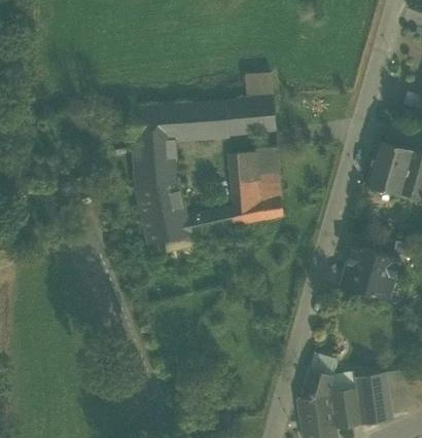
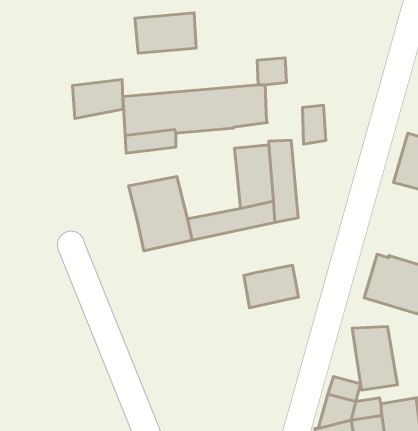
building: none -> [135,13,196,53]
building: [254,98,275,132] -> [302,105,326,144]
building: [133,154,177,188] -> [73,80,123,118]
building: none -> [244,265,298,308]
building: none -> [352,327,397,390]

